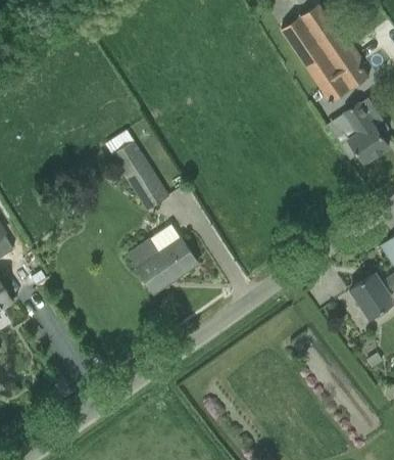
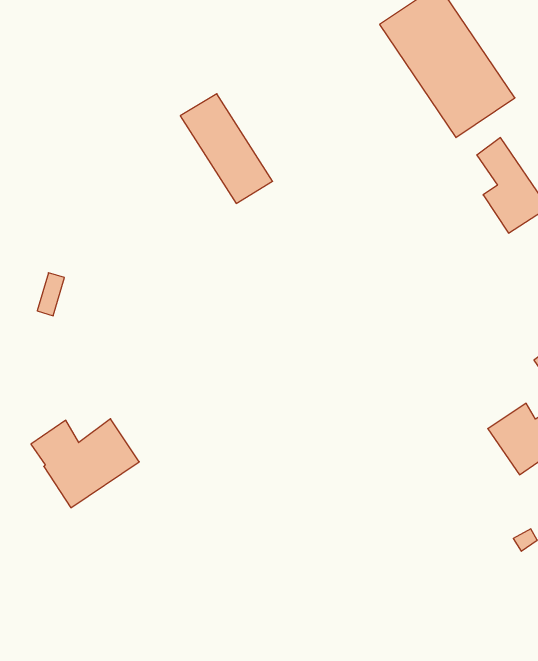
building: [111,141,170,212] -> [180,94,273,203]
building: [129,237,198,294] -> [31,419,139,508]

